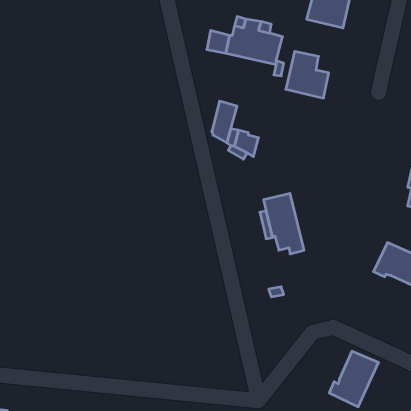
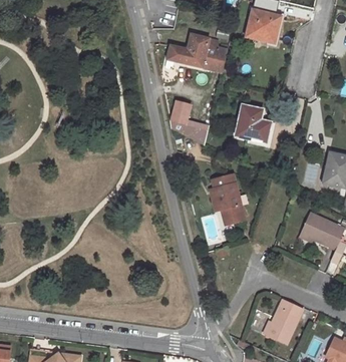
building: [286,51,329,98] -> [236,104,270,141]

